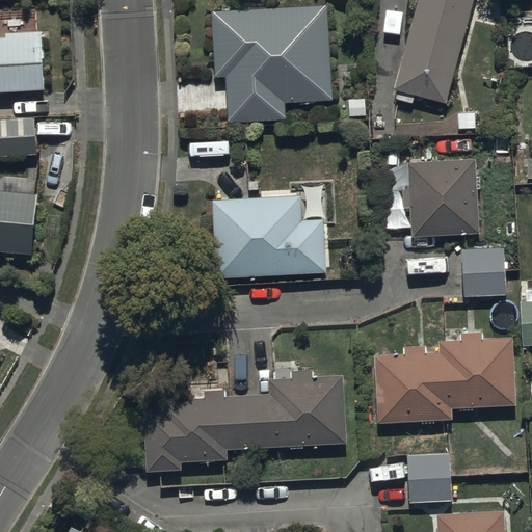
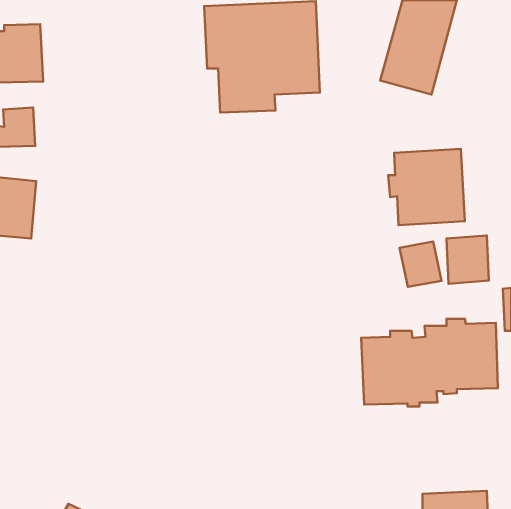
building: [211,195,327,277] -> none
building: none -> [400,242,442,287]
building: [142,371,345,471] -> none
building: [406,454,452,504] -> none

